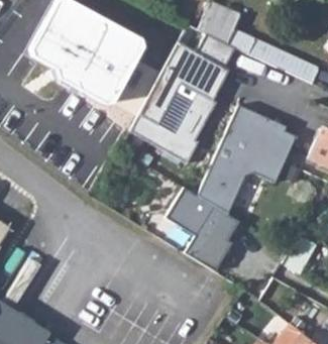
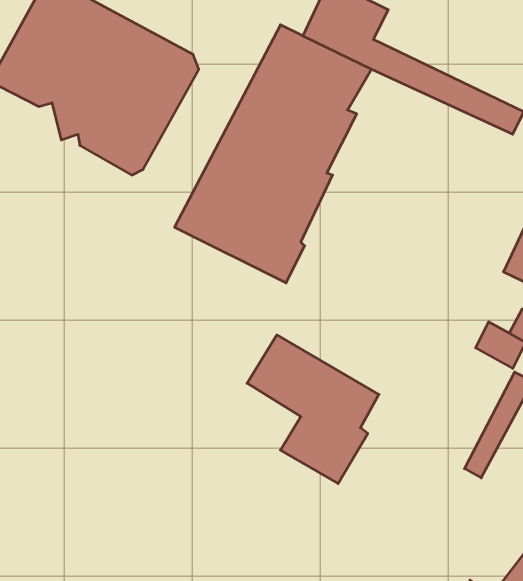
building: [197,105,296,211] -> none

